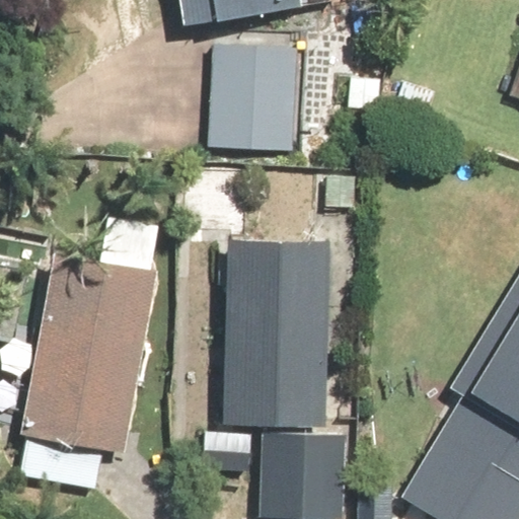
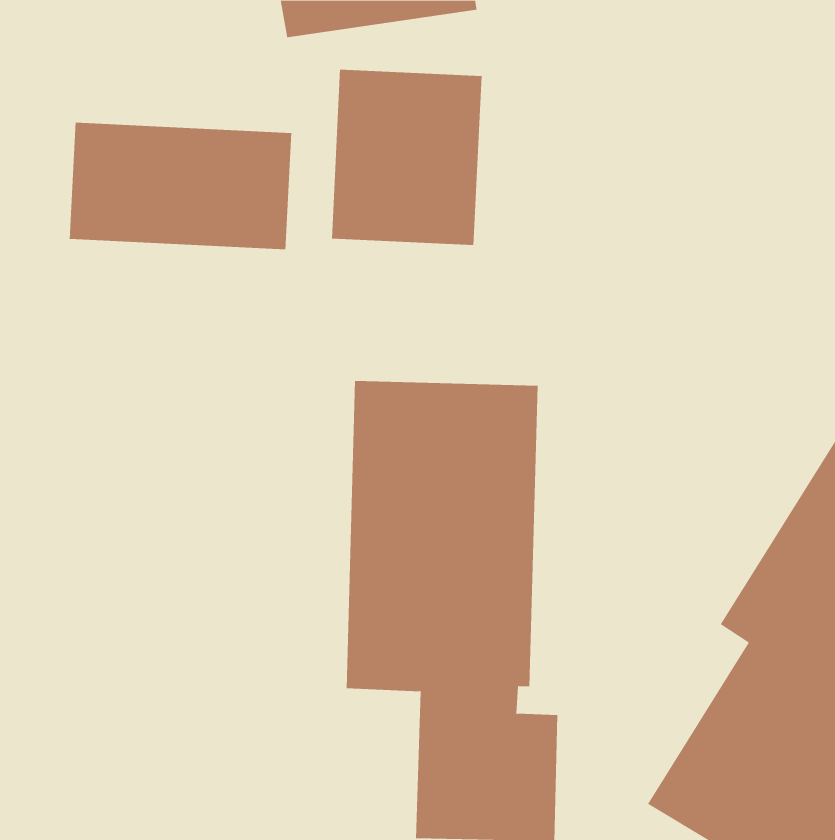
building: none -> [69,122,292,250]
building: [17,253,158,453] -> none

